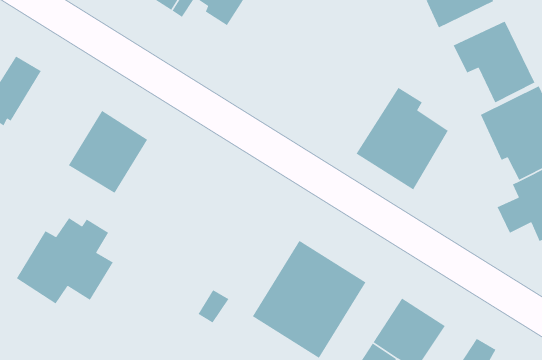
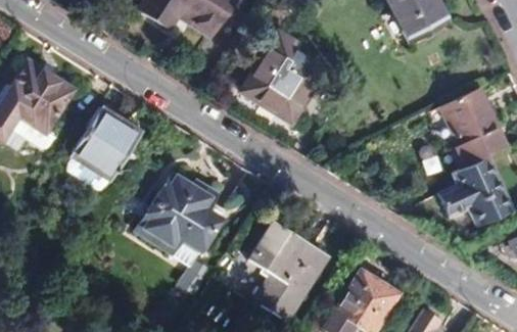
building: [453,20,535,103] -> none
building: none -> [22,75,75,133]
building: [356,87,449,191] -> [239,33,320,123]
building: [16,217,114,304] -> [137,179,222,254]

